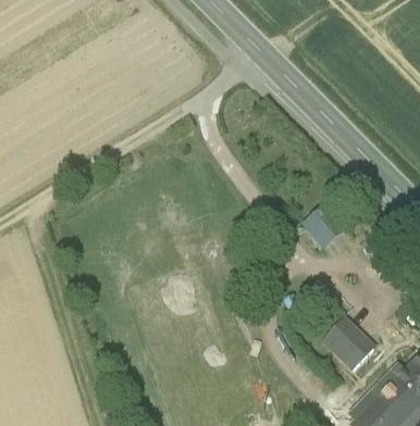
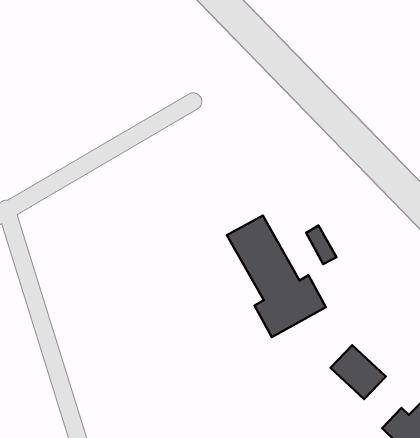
building: none -> [227,216,326,337]

